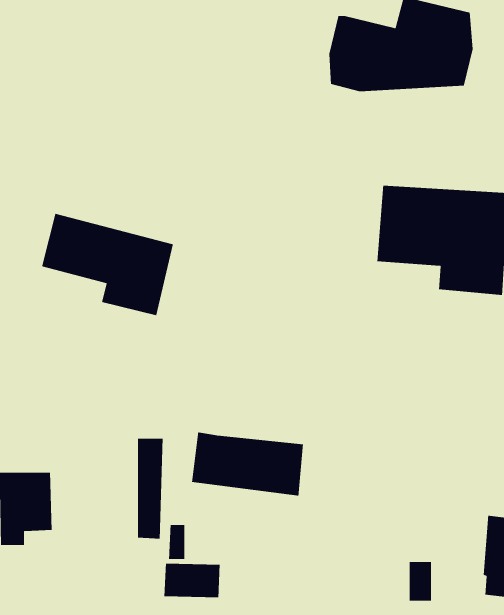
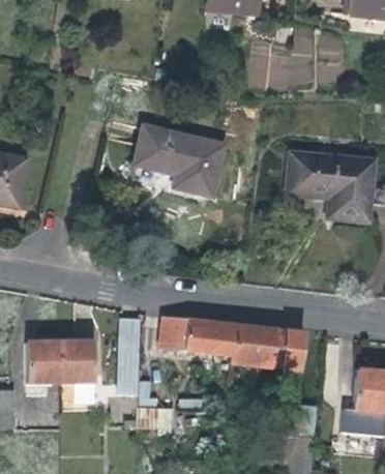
building: [41,213,174,316] -> [132,124,221,194]
building: none -> [230,323,303,369]
building: none -> [64,342,96,405]

